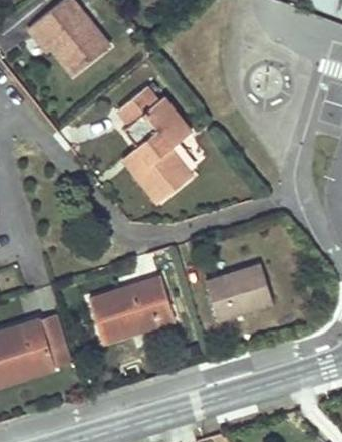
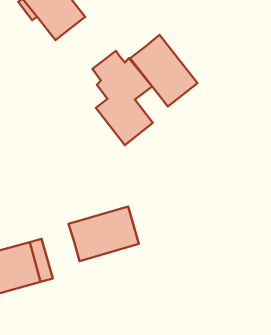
building: none -> [130,35,197,107]
building: [207,264,273,321] -> none

